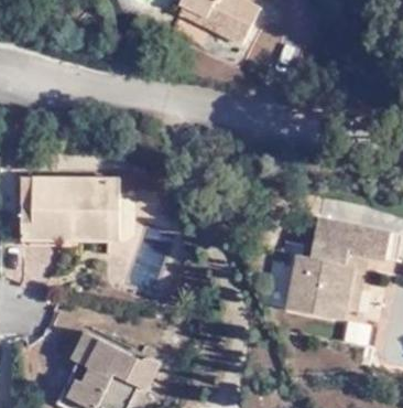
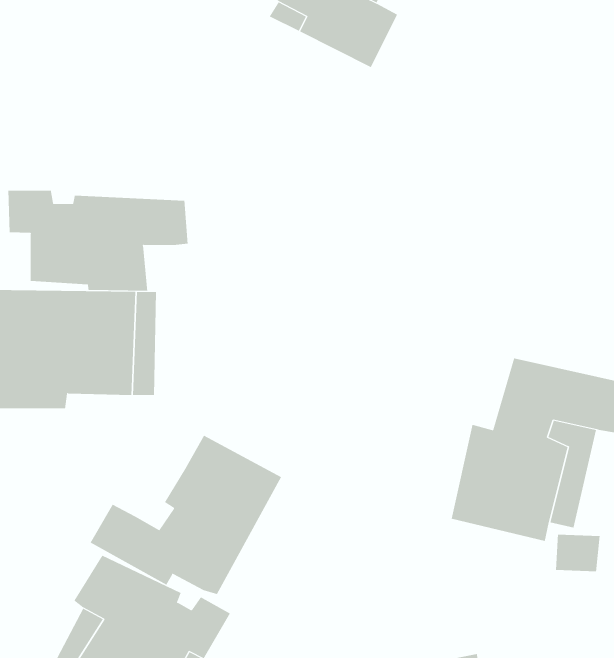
building: none -> [8,190,188,291]
building: none -> [90,435,282,595]

